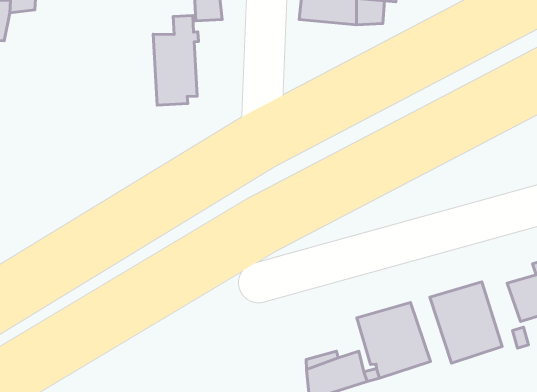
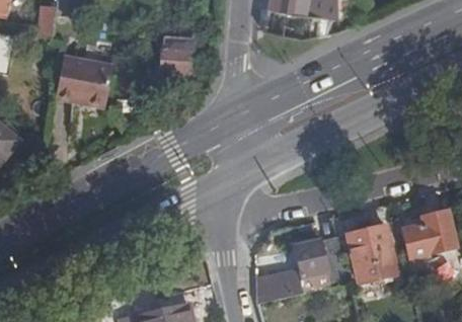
building: none -> [52,58,110,109]

